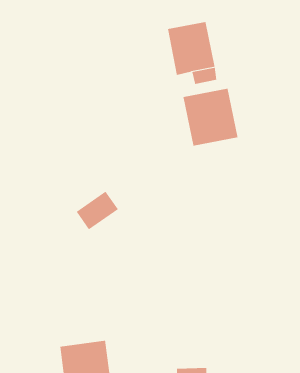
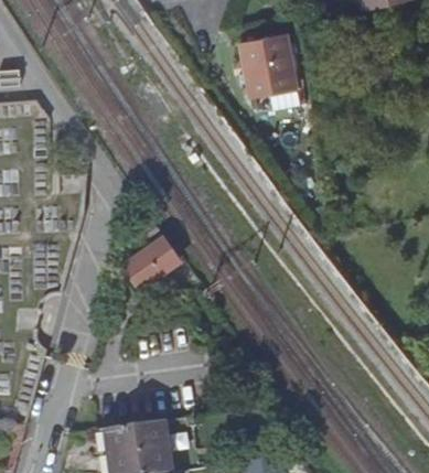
building: [183,88,238,147] -> none

